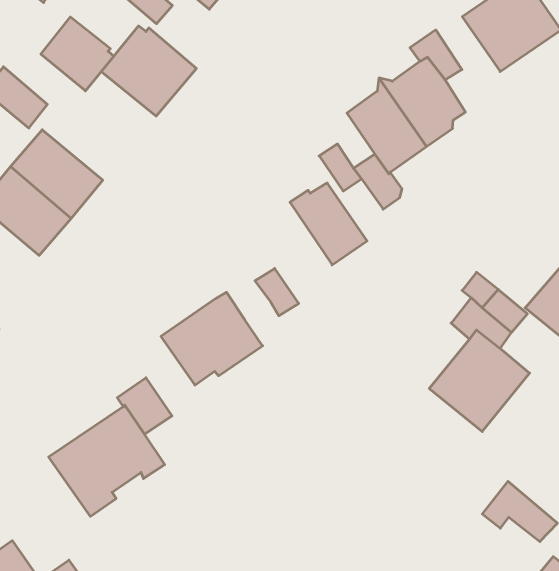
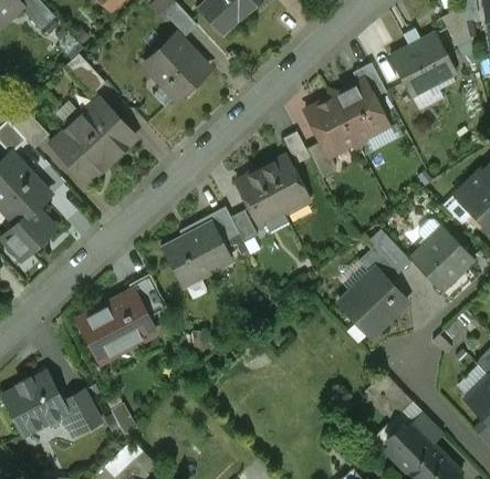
building: [41,17,114,91] -> none
building: none -> [236,167,283,226]
building: none -> [199,207,239,242]

